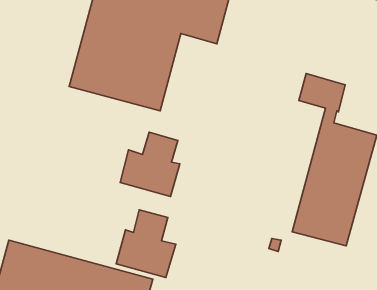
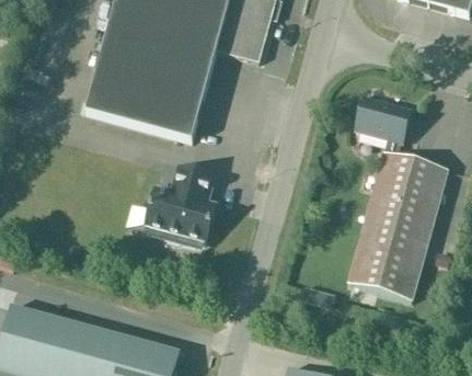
building: [116,210,176,278] -> none

